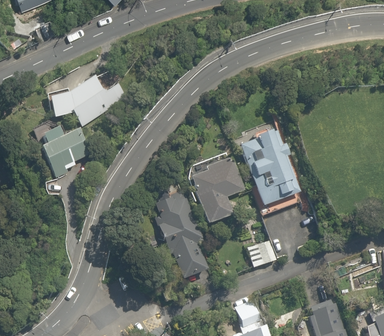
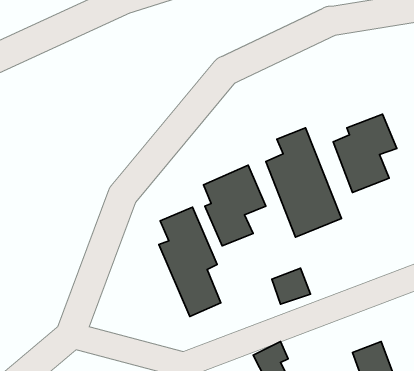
building: [48,75,123,124] -> none
building: none -> [333,114,397,193]
building: [35,122,89,175] -> none

